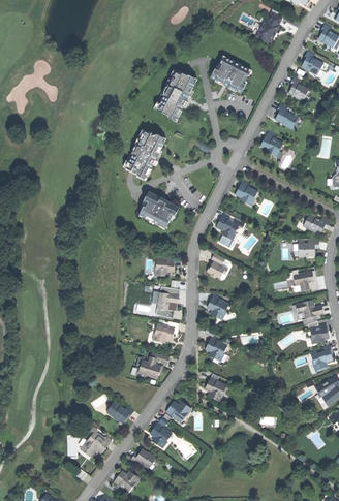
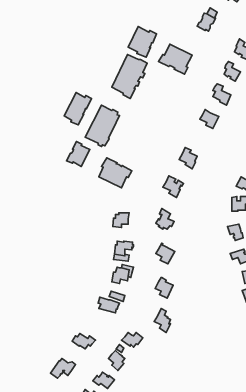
building: none -> [128,27,157,57]
building: none -> [64,93,91,125]
building: none -> [67,141,90,166]

